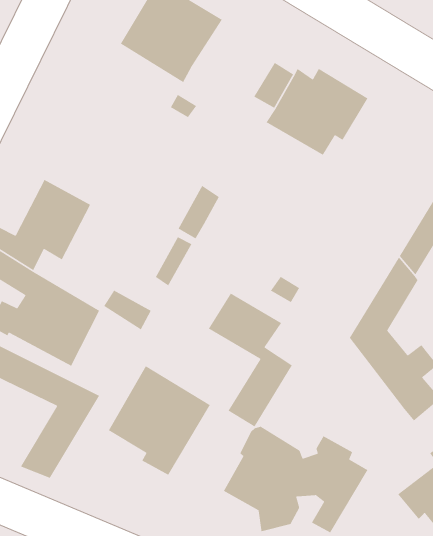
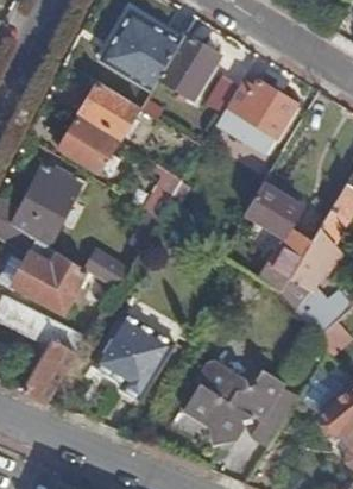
building: none -> [158,36,219,99]
building: none -> [81,84,138,137]
building: none -> [59,118,118,173]
building: [208,292,293,427] -> [244,186,310,291]

